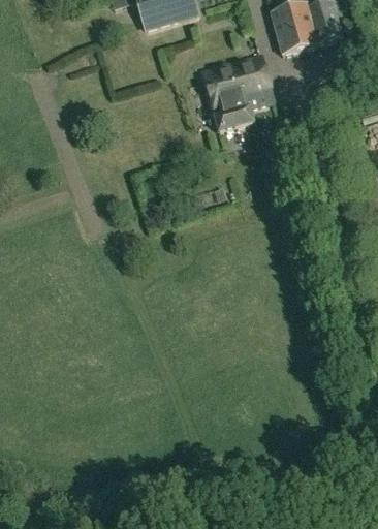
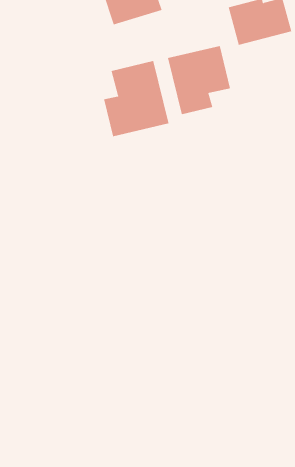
building: none -> [103,60,169,137]

